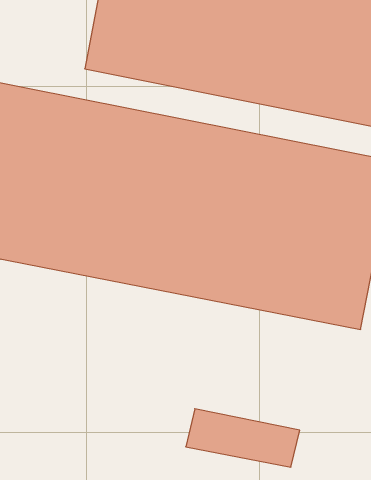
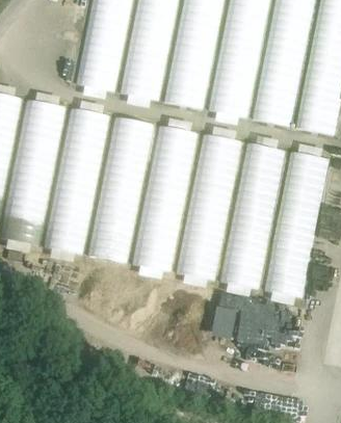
building: [186,409,300,467] -> [210,298,304,346]

